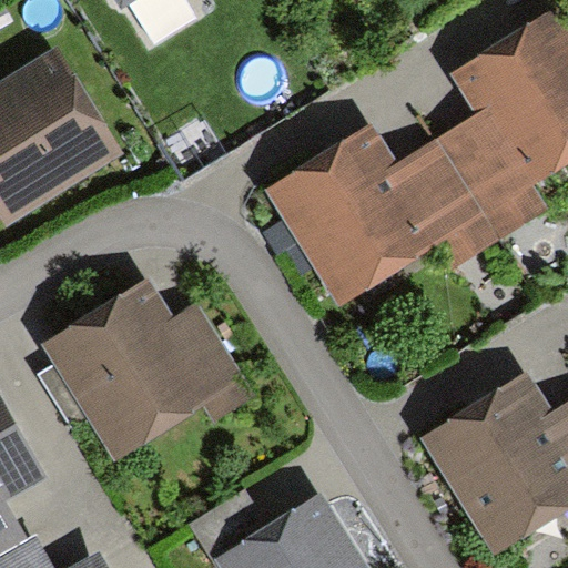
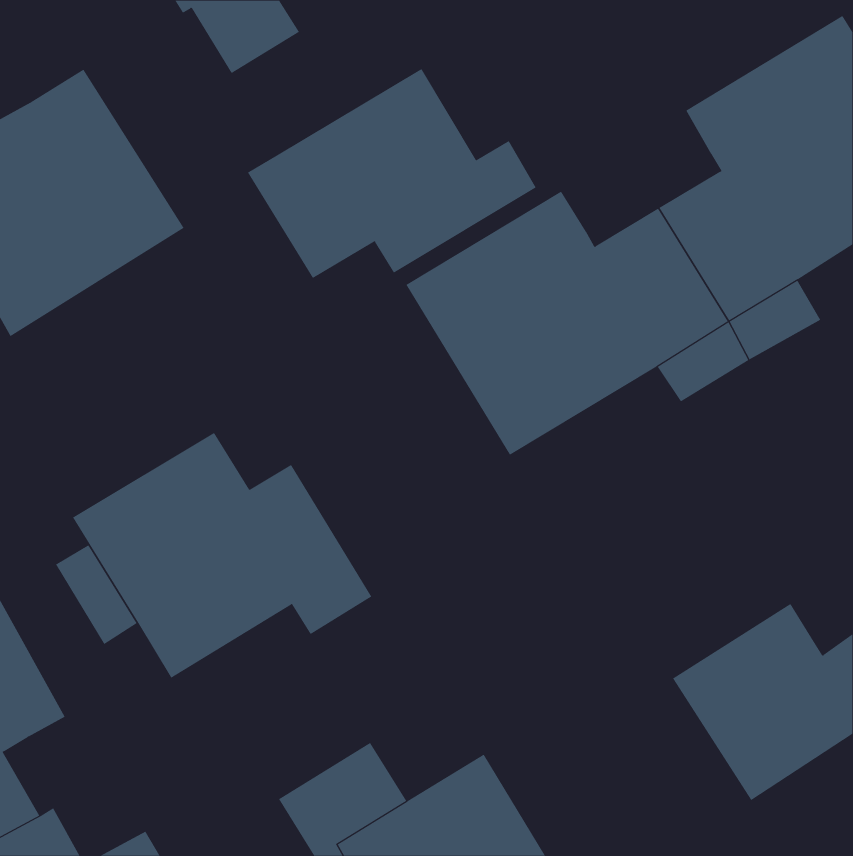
building: none -> [247,68,537,279]

